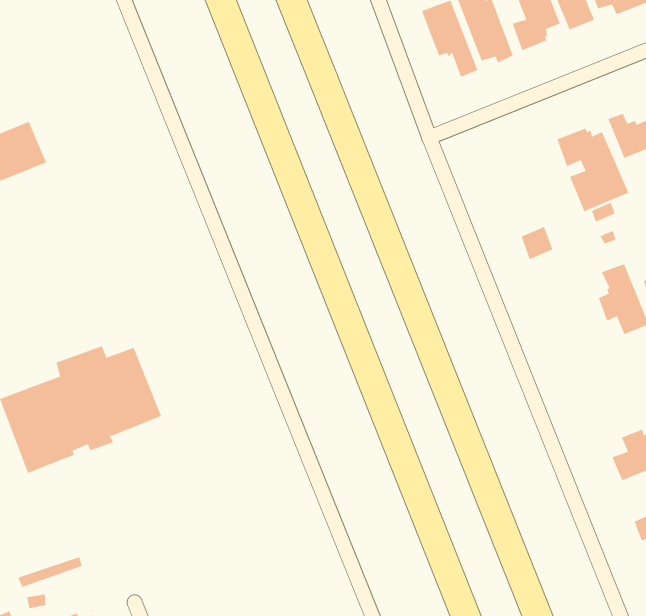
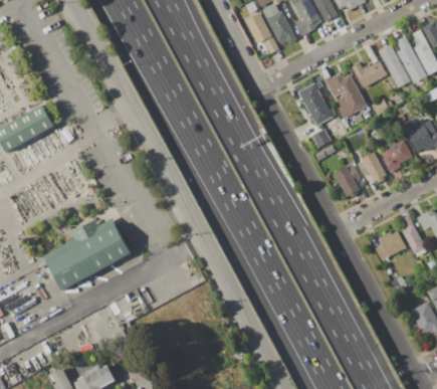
building: none -> [296,81,336,126]
building: none -> [334,166,361,198]

